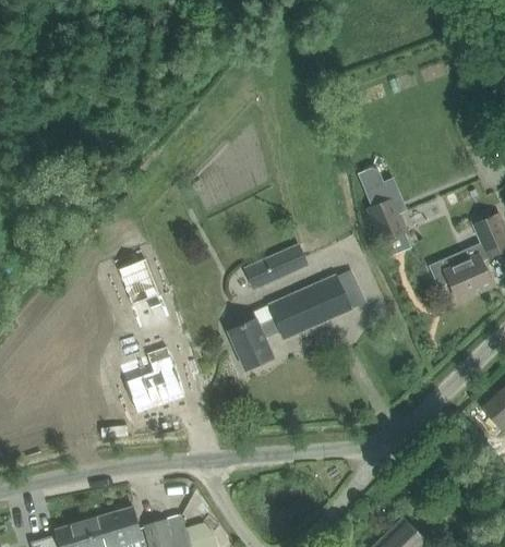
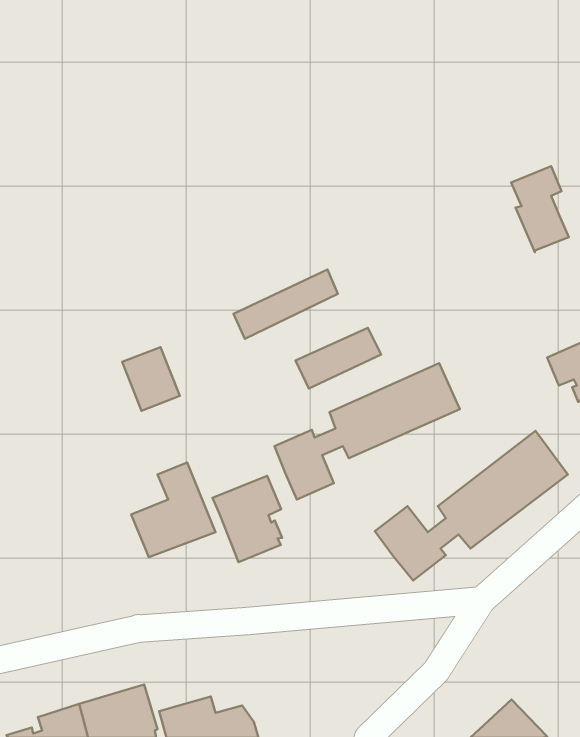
building: [364,180,407,243] -> [511,166,569,252]
building: none -> [233,270,338,339]
building: none -> [375,431,568,580]
building: none -> [213,476,282,562]

